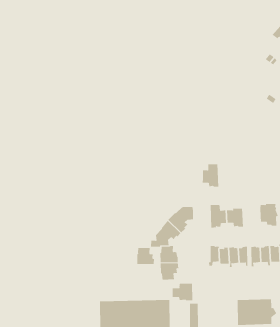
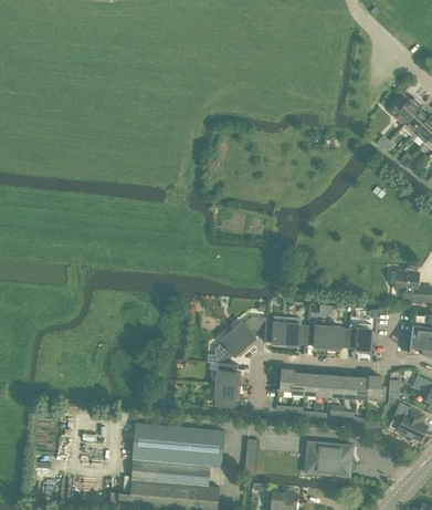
building: [202,164,219,187] -> [264,315,287,346]
building: none -> [327,325,349,350]
building: [137,247,155,265] -> none
building: [172,283,193,301] -> none

